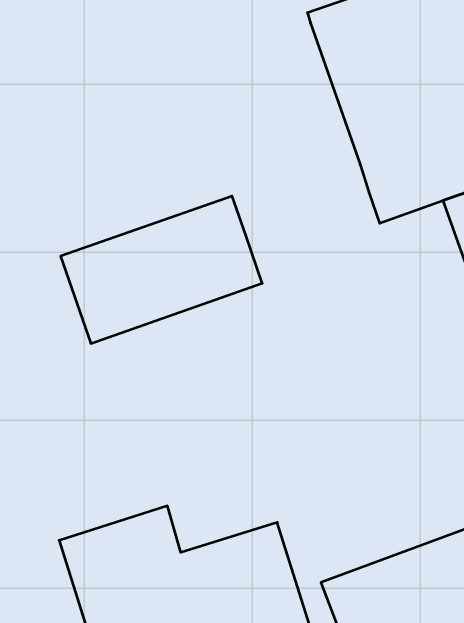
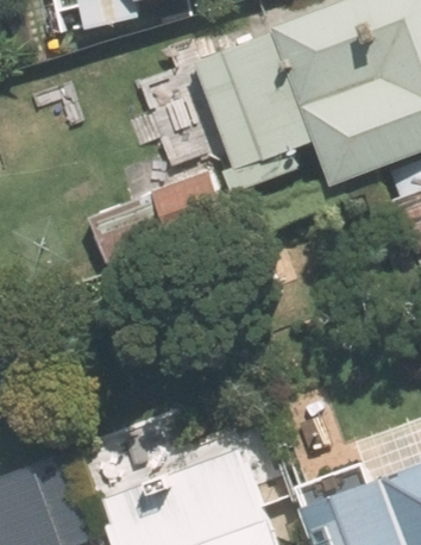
building: none -> [199,27,327,195]

